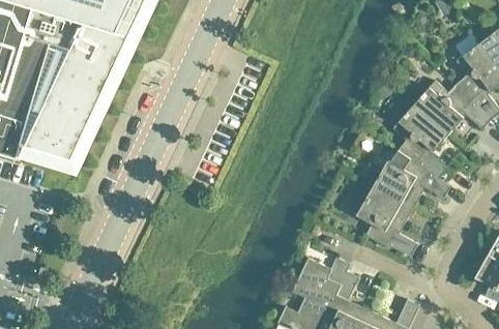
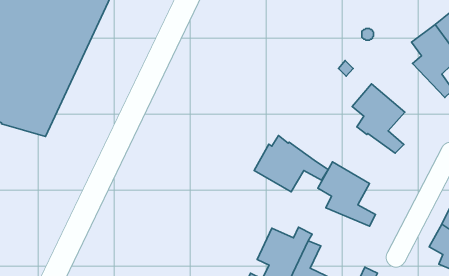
building: [414,81,492,134] -> none
building: [373,150,451,210] -> [254,135,328,192]

